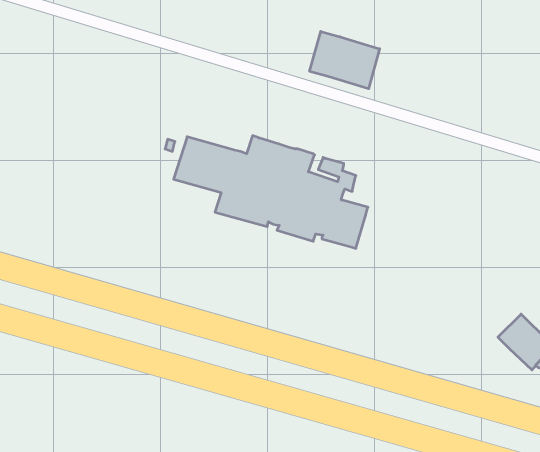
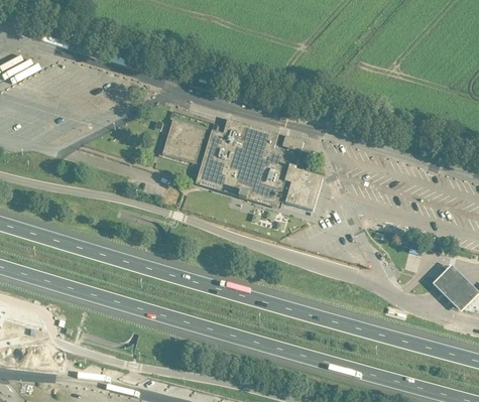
building: [310,31,380,89] -> none

